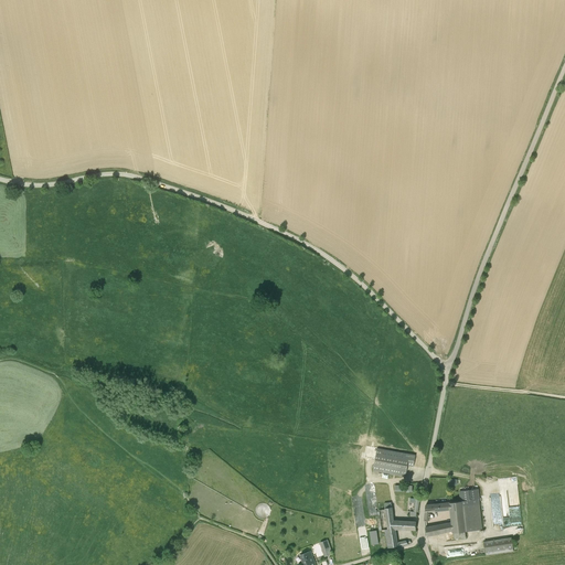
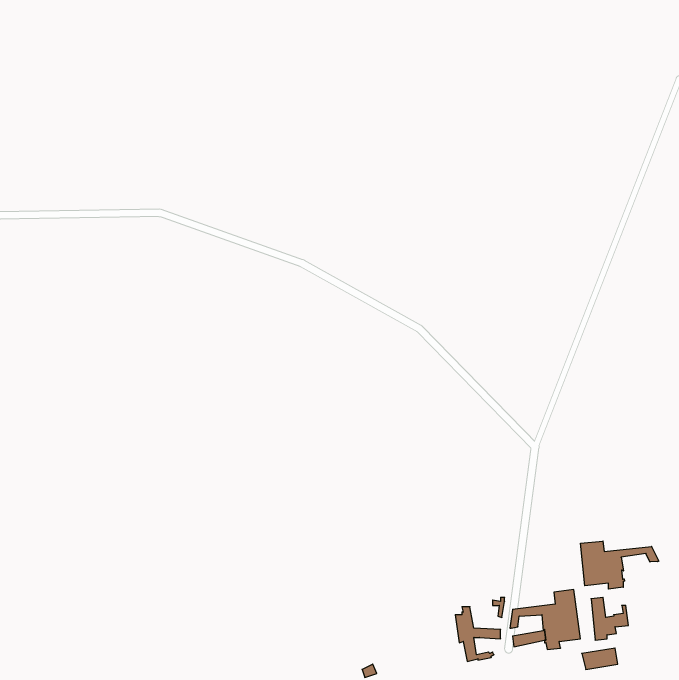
building: [372,448,414,477] -> none
building: none -> [581,541,659,589]

